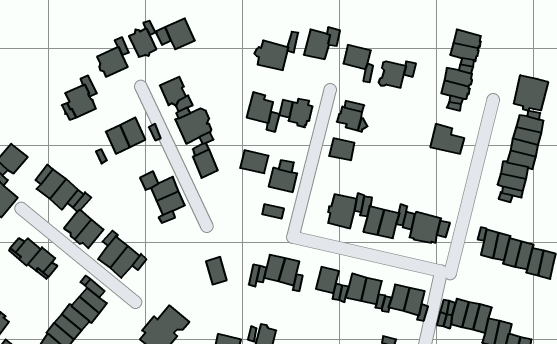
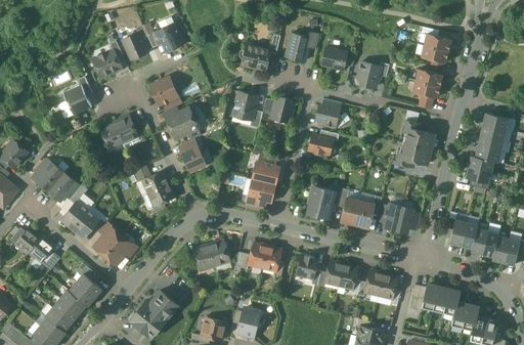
building: [514,75,548,111] -> none
building: none -> [398,142,431,167]
building: [240,150,269,173] -> [249,179,275,201]
building: none -> [208,240,230,266]

